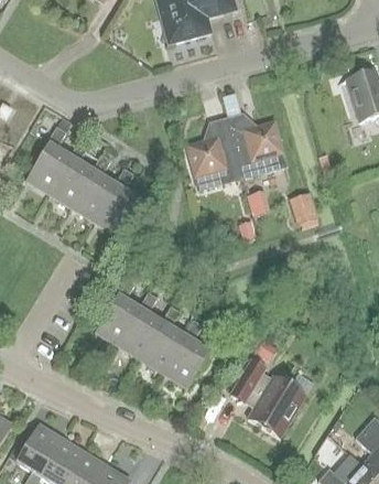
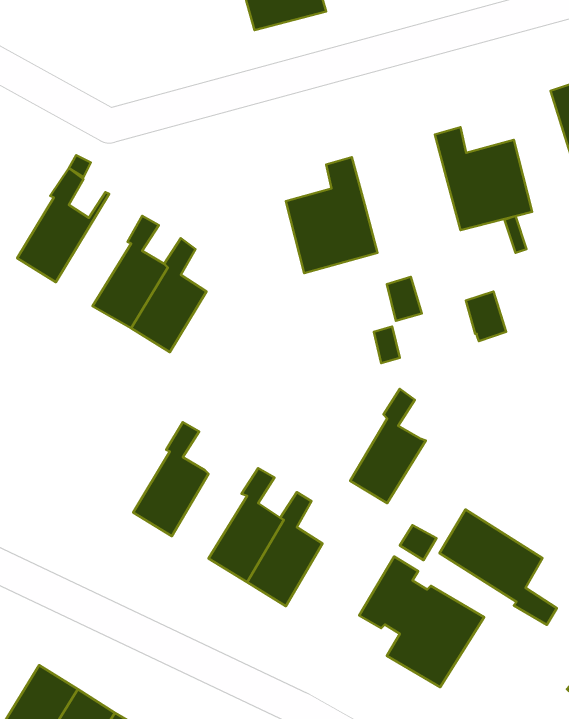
building: [226,114,284,175] -> [435,127,532,230]
building: [48,140,94,207] -> none
building: [118,290,163,358] -> [350,389,426,503]
building: none -> [440,510,557,625]

